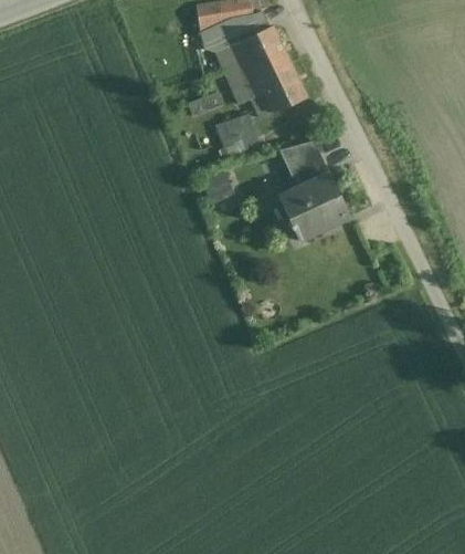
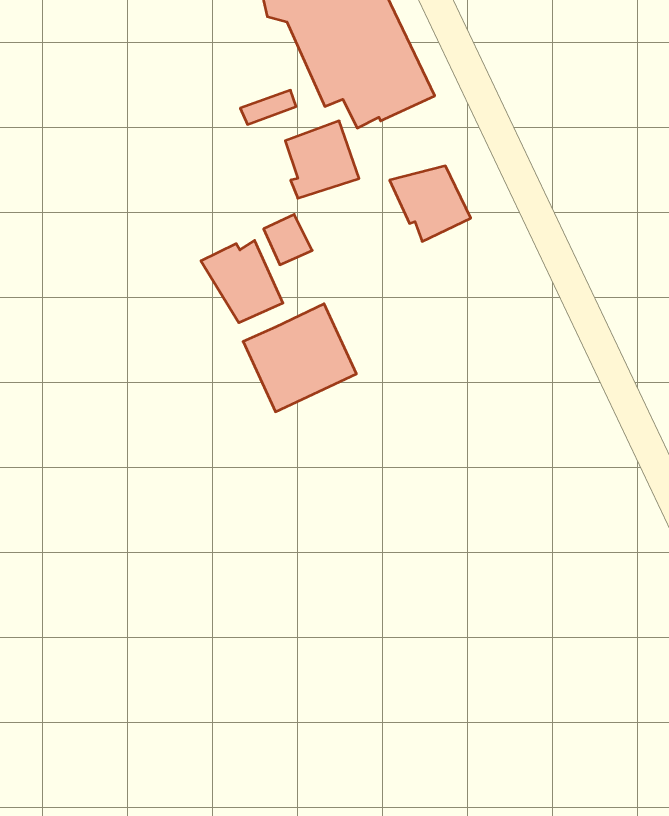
building: [279,173,349,239] -> [243,304,356,412]
building: none -> [201,240,283,323]

